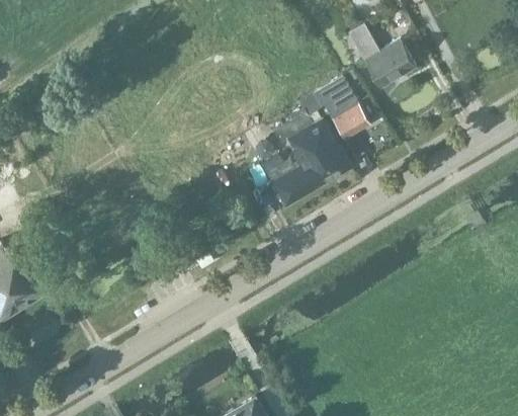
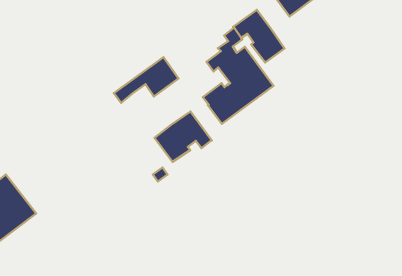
building: none -> [114,57,178,103]
building: none -> [154,111,212,162]

